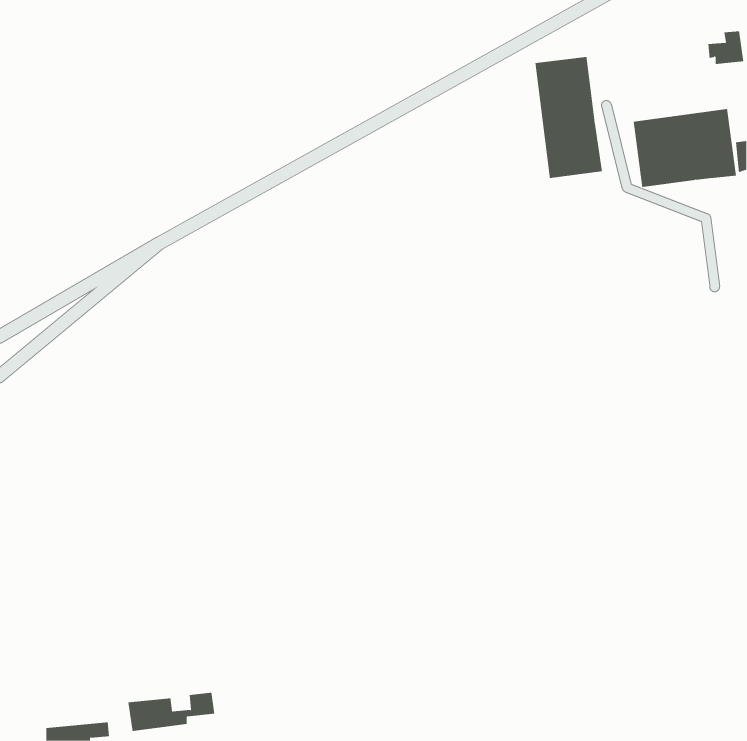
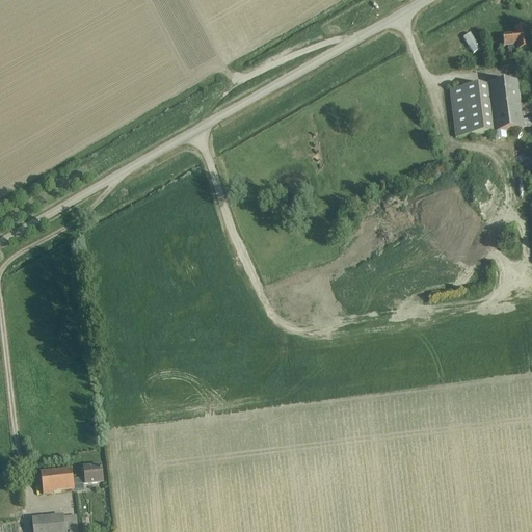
building: [535,56,602,179] -> none
building: [127,692,215,732] -> [39,462,102,490]

